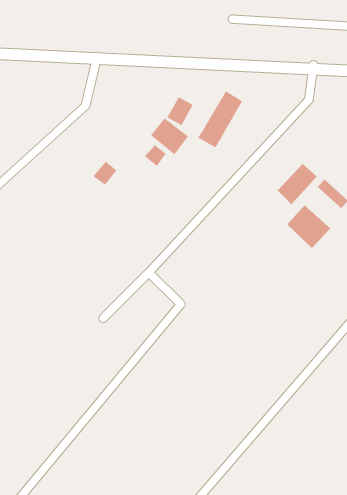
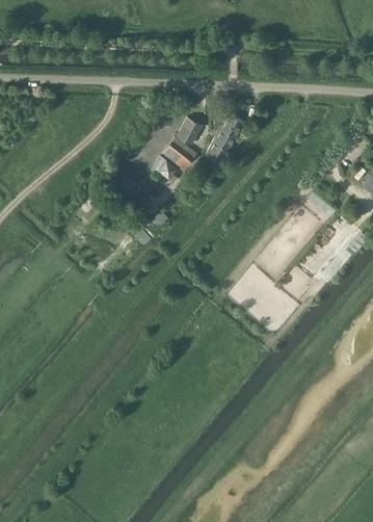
building: [277,163,317,205] -> none
building: [286,205,331,249] -> none

